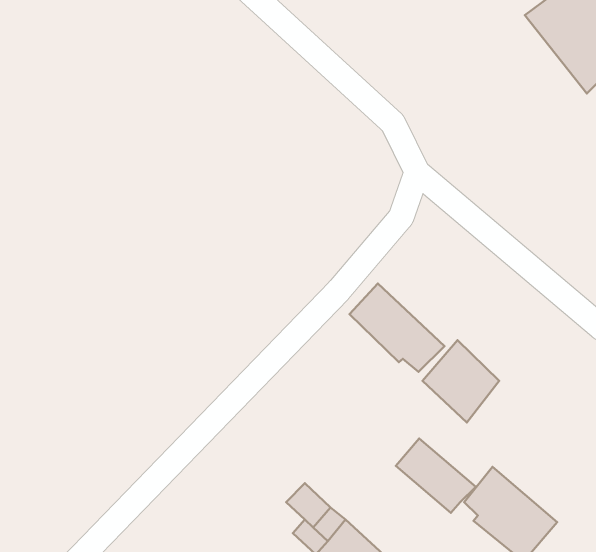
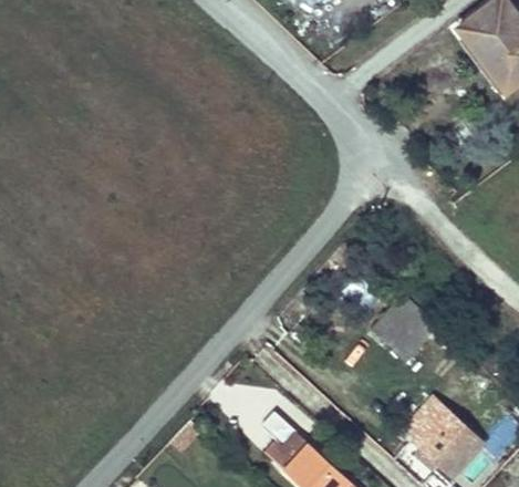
building: [349,284,444,372] -> none
building: [396,439,476,513] -> none

